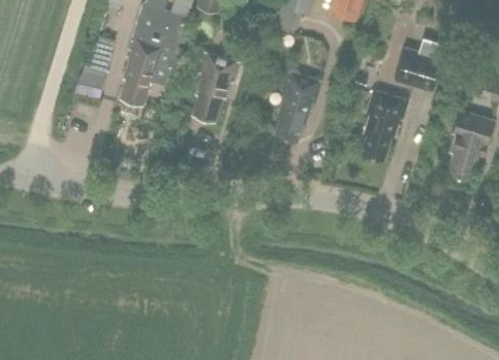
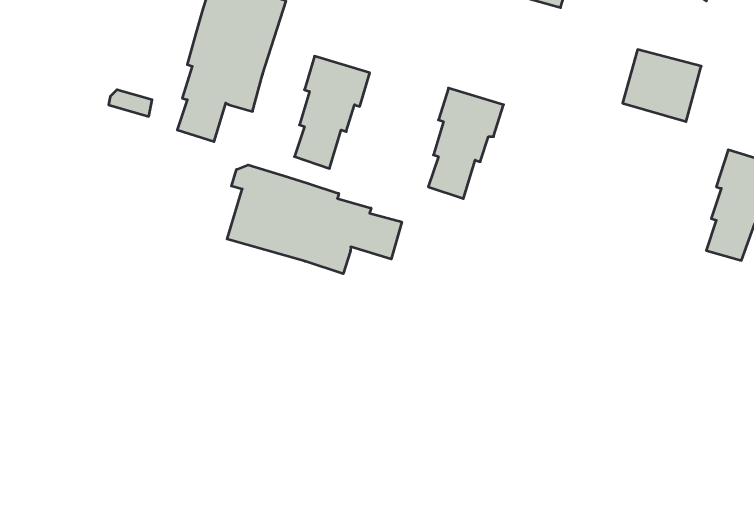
building: [362,92,407,160] -> none
building: none -> [227,165,402,274]

